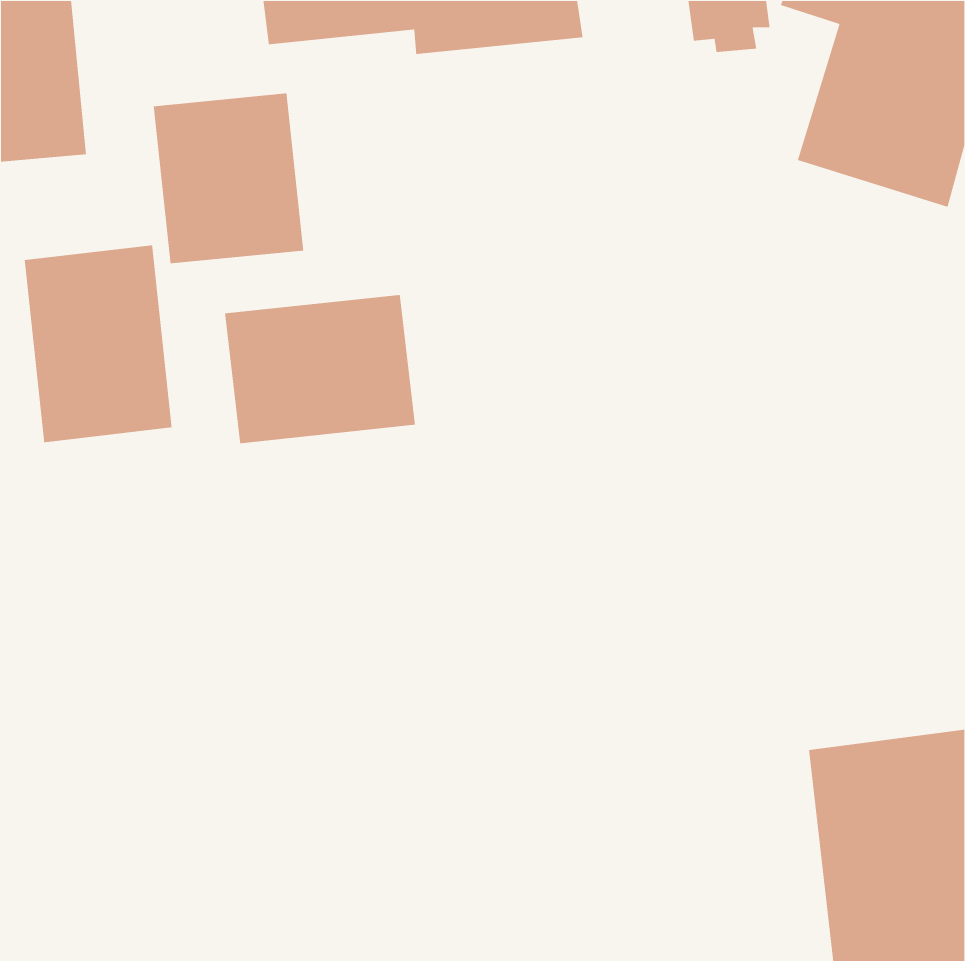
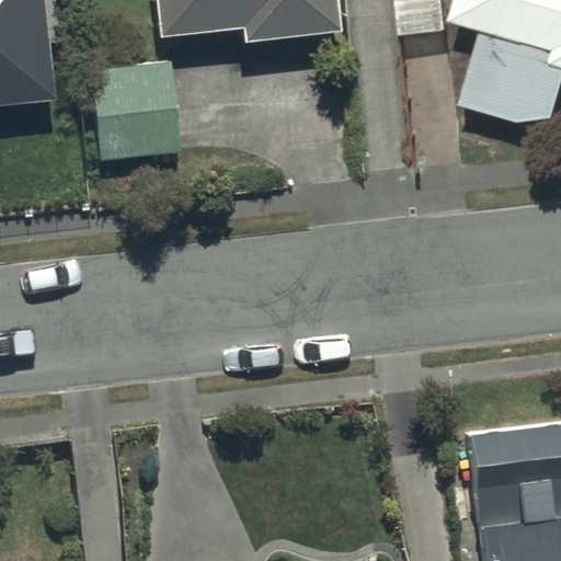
building: [24,244,173,443] -> none
building: [224,294,416,444] -> none

